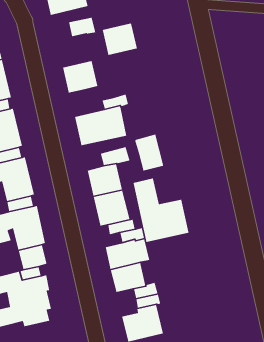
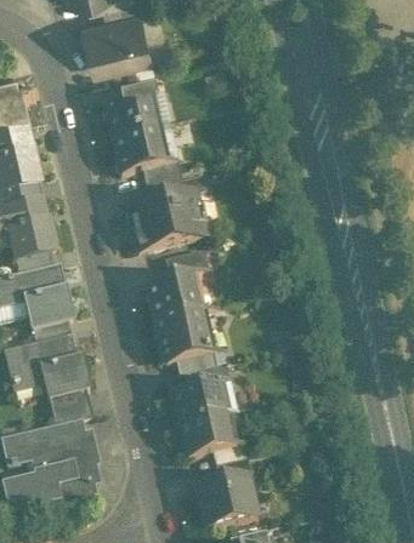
building: [102,23,138,56] -> [103,91,154,138]
building: none -> [142,161,182,189]
building: [134,134,164,171] -> none
building: [132,177,190,243] -> none

